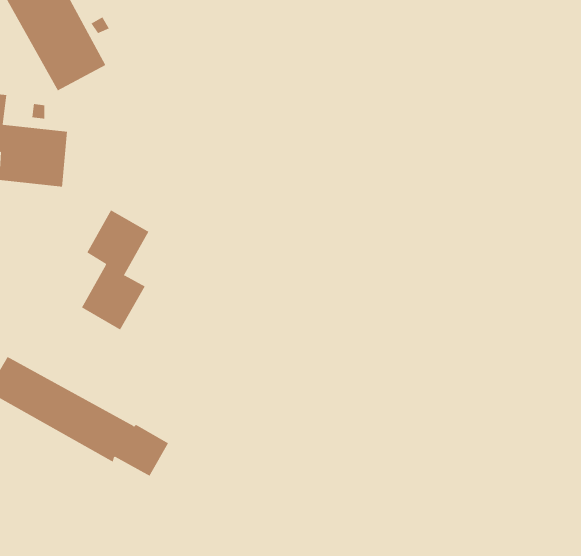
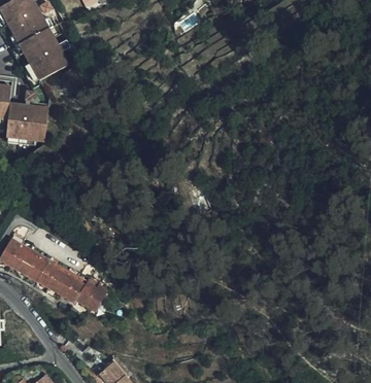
building: [81,210,149,331] -> none

